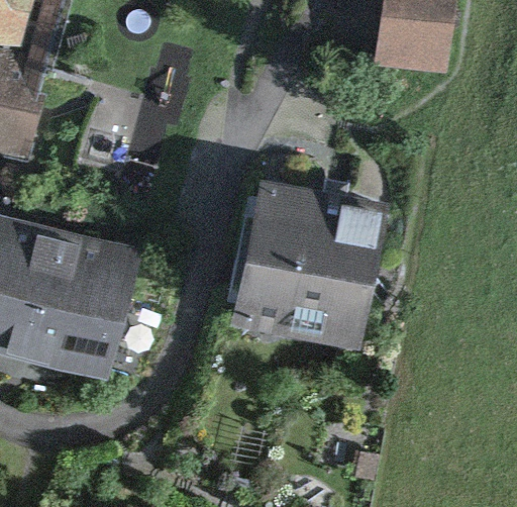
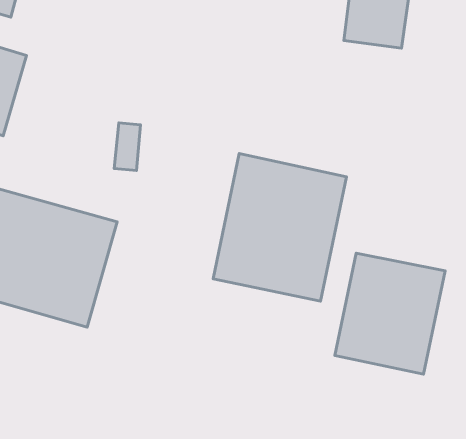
building: none -> [335,253,445,374]

